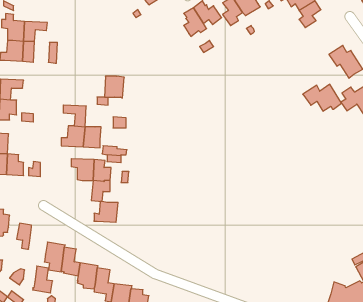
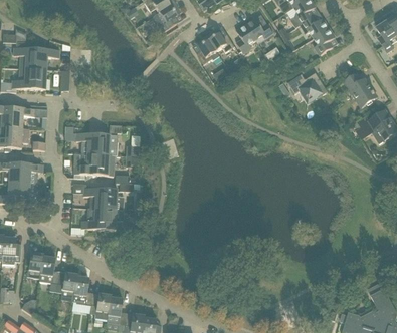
building: [104,76,124,98] -> [96,133,117,155]
building: [303,84,342,111] -> [287,71,327,98]
building: none -> [18,161,42,183]
building: [94,201,118,222] -> [80,208,105,229]
building: [33,266,53,293] -> [38,256,58,283]

